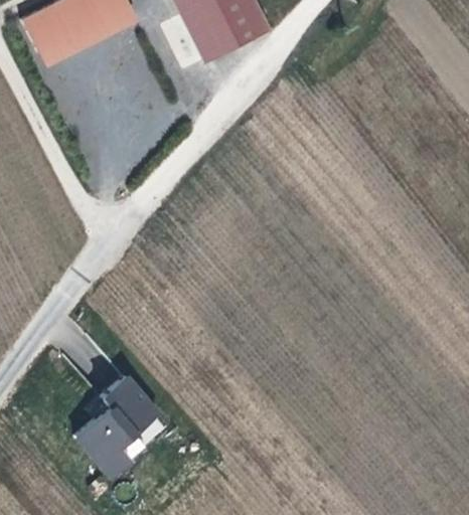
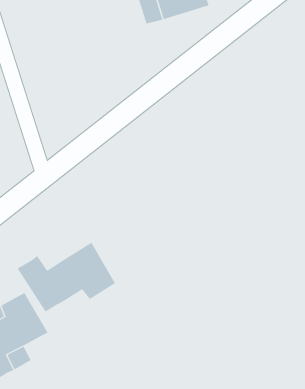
building: none -> [17,242,116,312]

